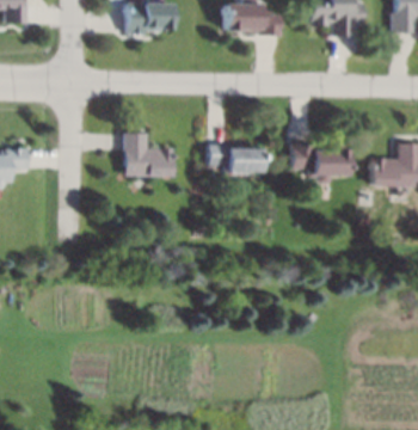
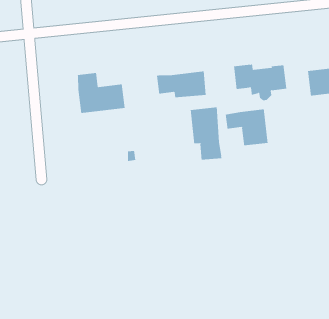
building: none -> [190,107,222,160]
building: none -> [225,109,268,146]

